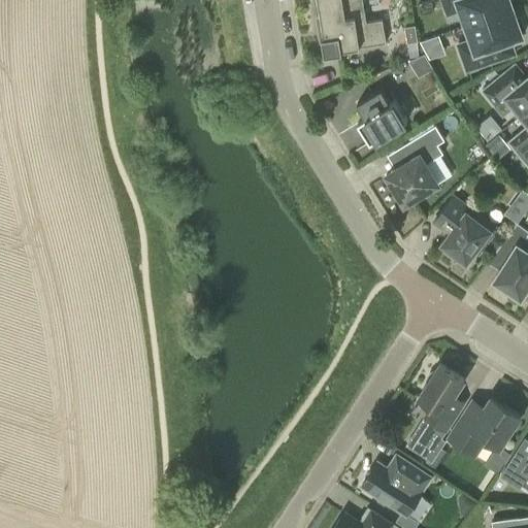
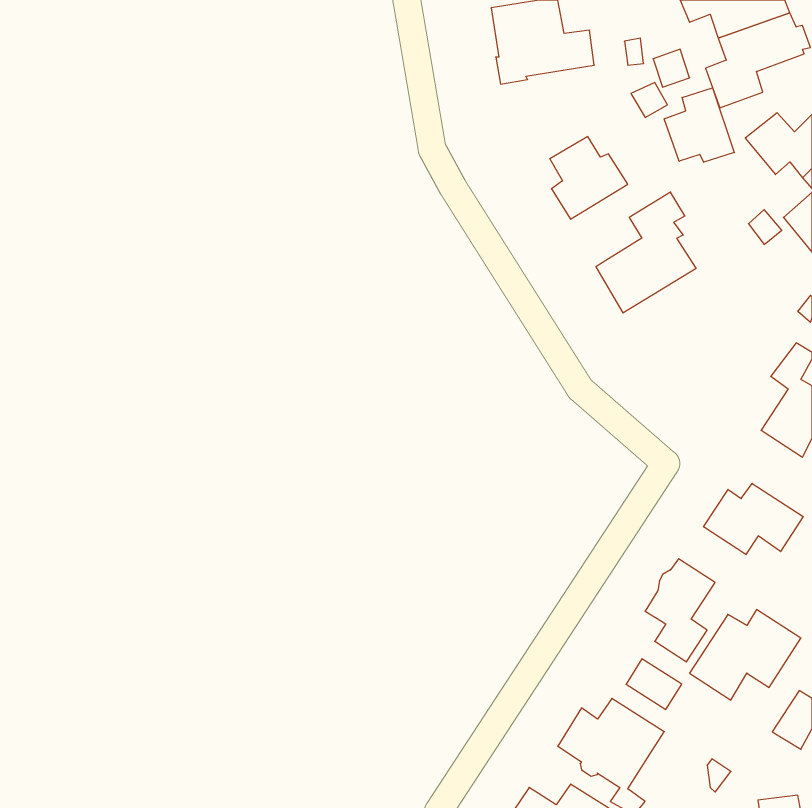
building: none -> [664,88,734,162]
building: [434,197,497,263] -> none
building: none -> [704,483,803,555]

